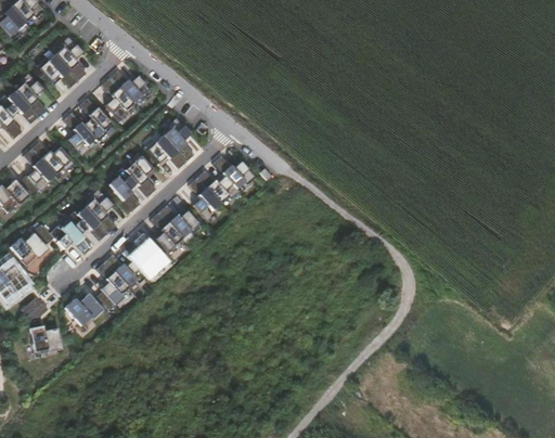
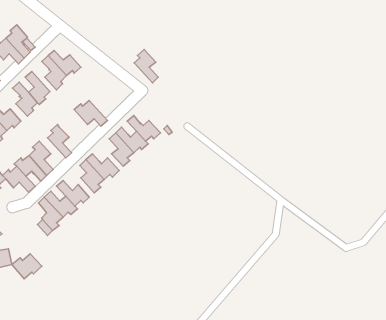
building: [163,118,194,162] -> [134,50,158,83]
building: [124,153,156,196] -> none
building: [64,294,103,326] -> [12,254,42,279]

